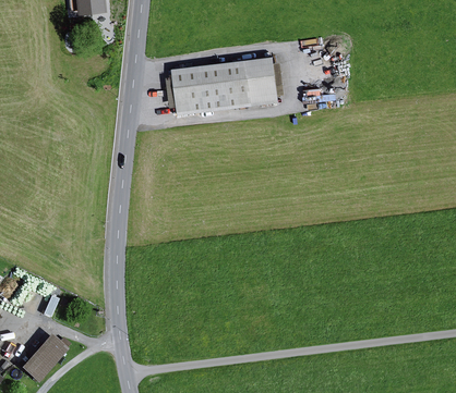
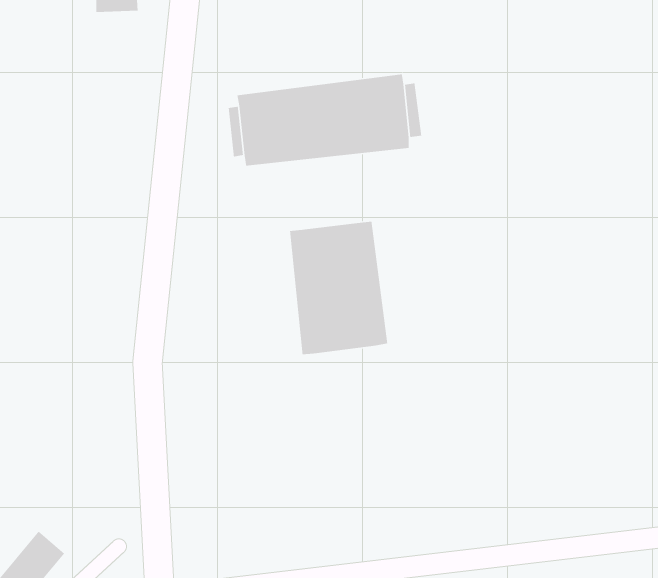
building: none -> [289,221,388,355]

